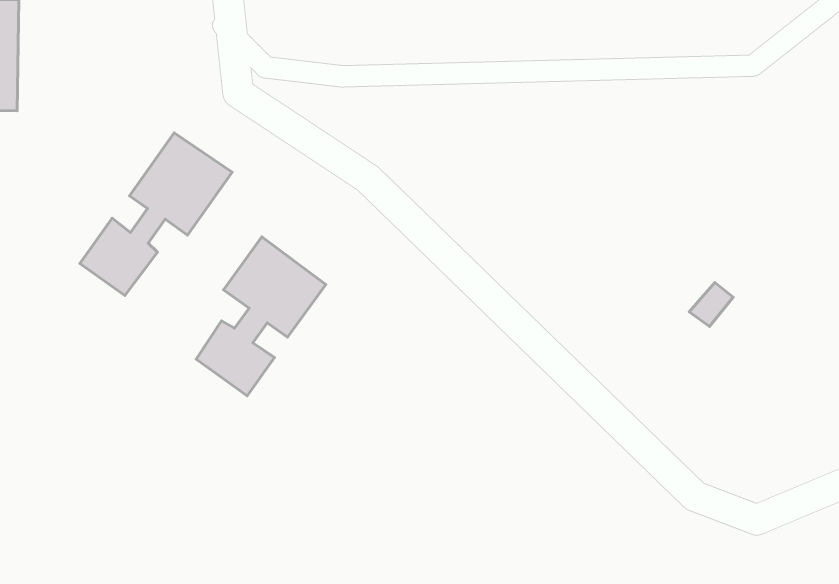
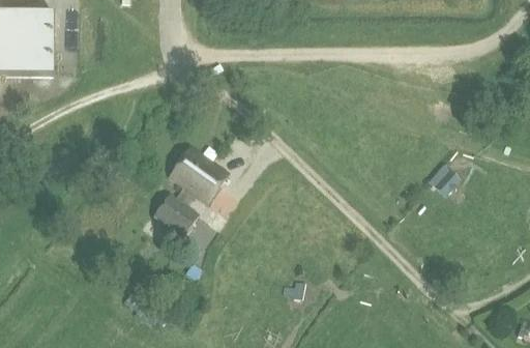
building: [80,133,232,296] -> none

